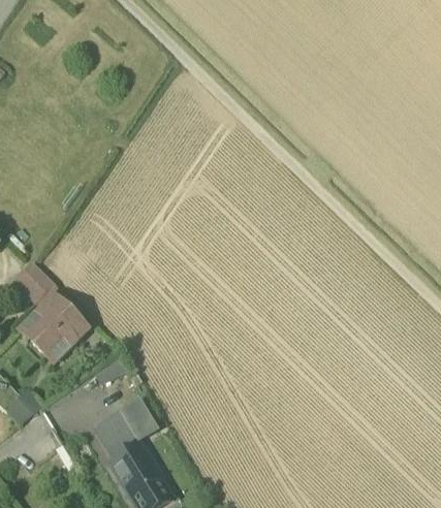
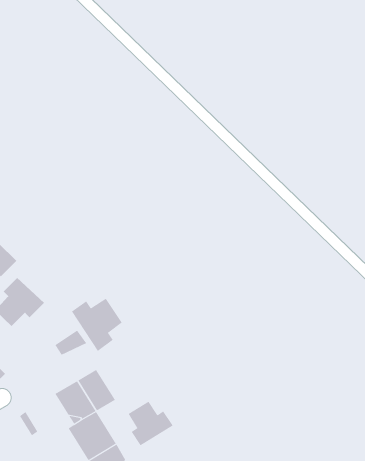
building: none -> [71,298,123,352]
building: none -> [128,401,173,446]

